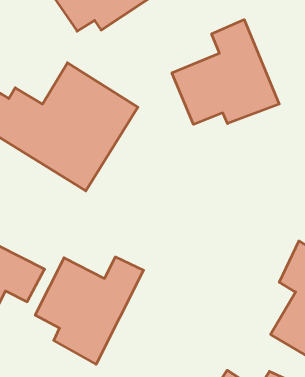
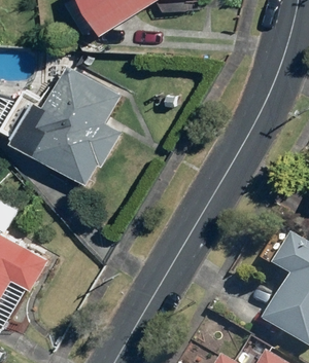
building: [172,20,279,124] -> none
building: [35,257,144,364] -> none

